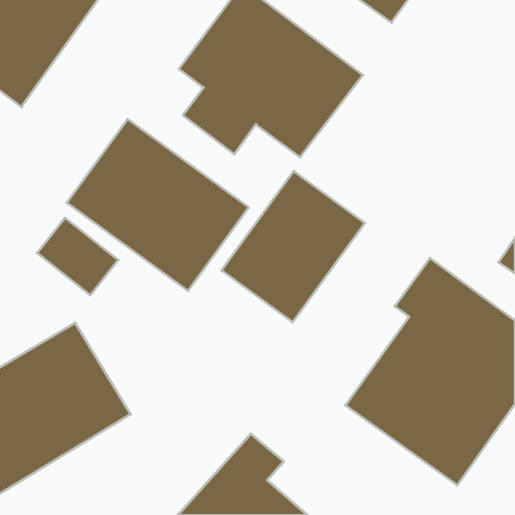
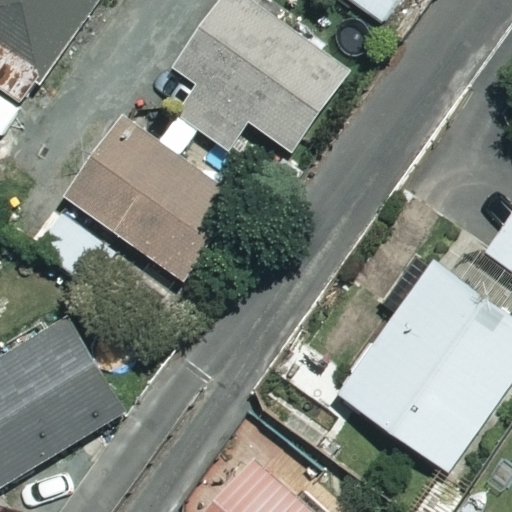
building: [222,171,365,322] -> none

